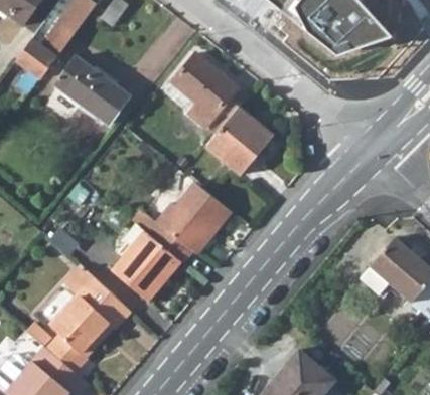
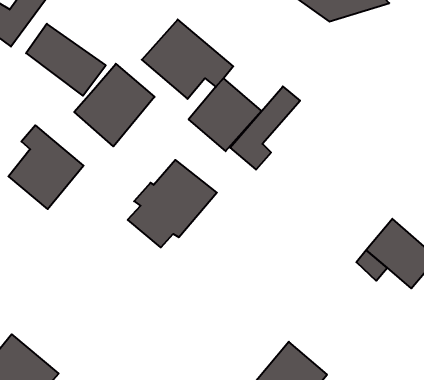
building: none -> [74,64,155,146]
building: none -> [230,86,300,170]
building: [111,226,180,304] -> [8,125,84,209]
building: [51,277,131,357] -> none

